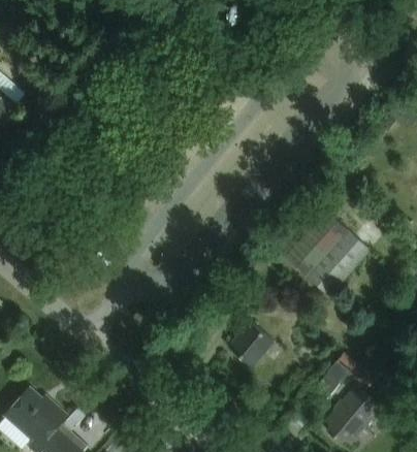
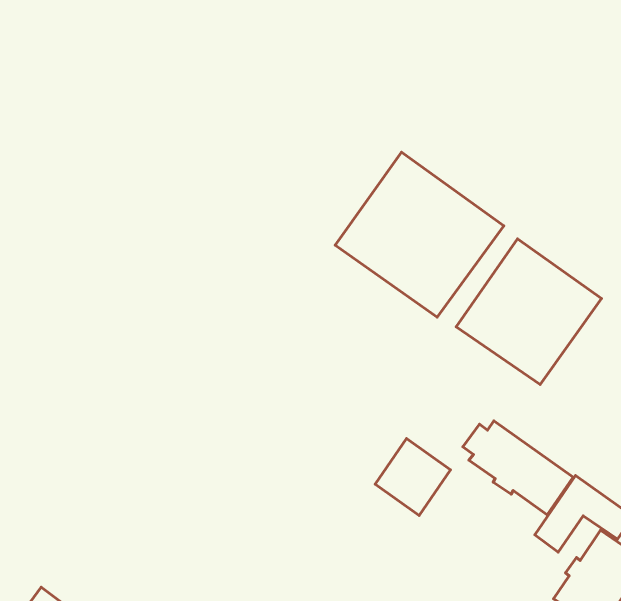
building: none -> [335,152,504,317]
building: none -> [463,421,573,515]

